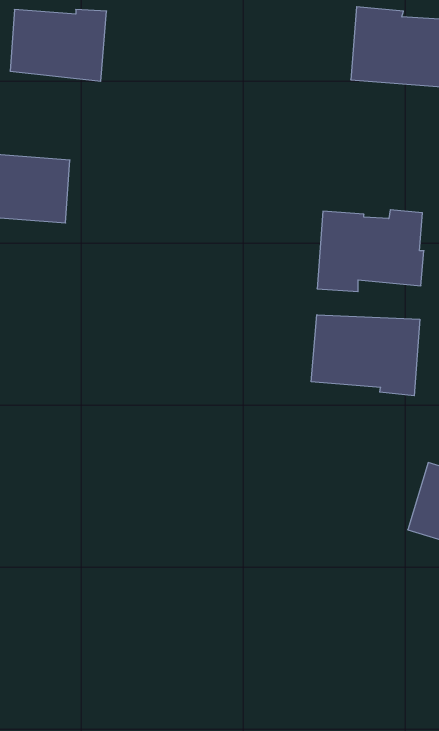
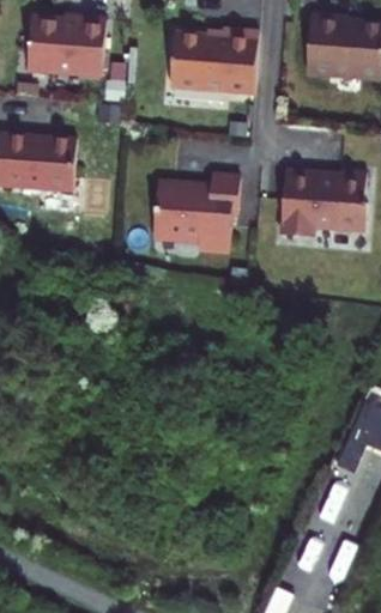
building: none -> [170,26,259,92]
building: none -> [153,174,240,250]
building: [311,315,420,396] -> none

